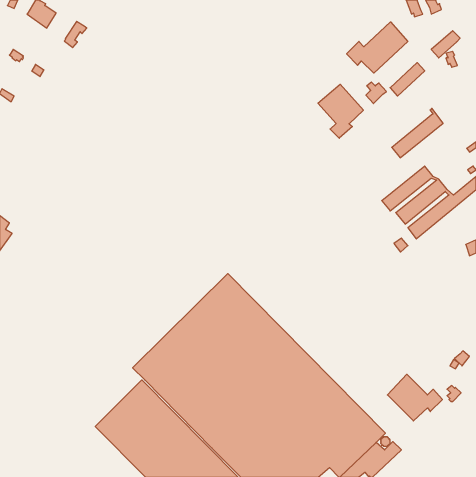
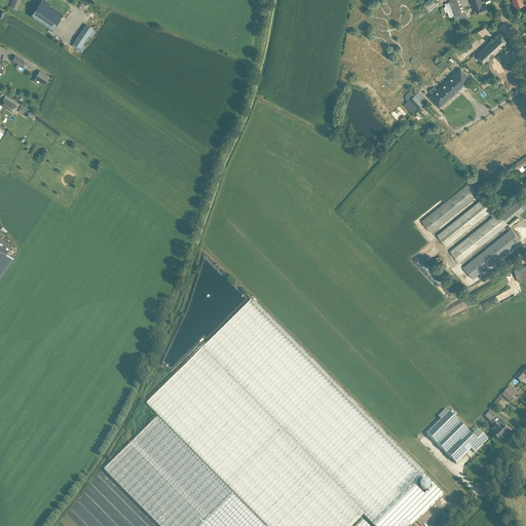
building: [347,22,408,73] -> none
building: [318,84,363,138] -> none
building: [392,108,443,158] -> [462,224,519,278]

